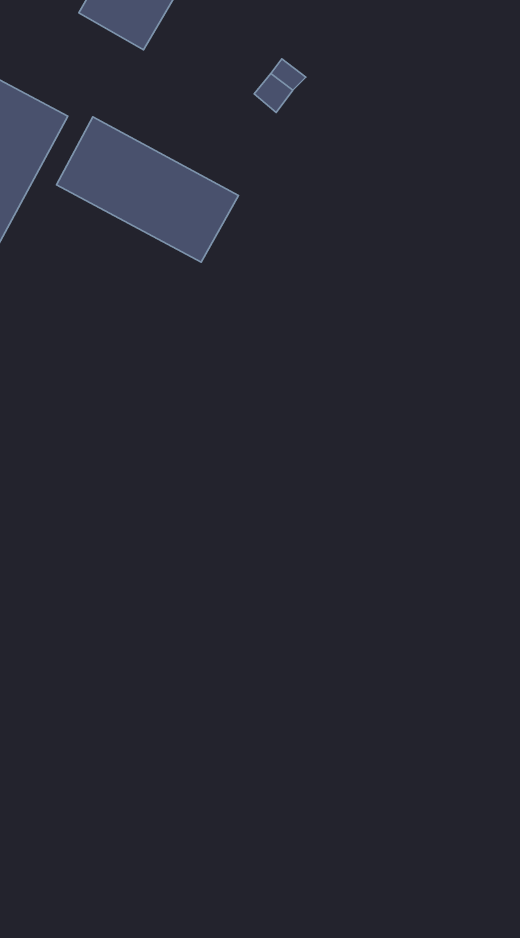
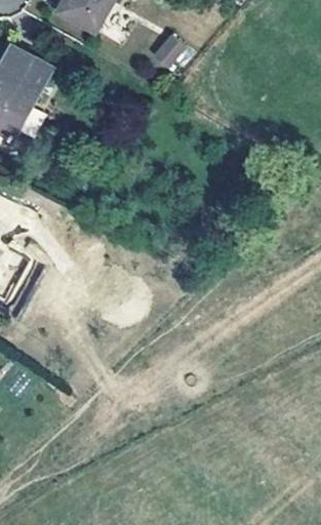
building: [57,117,238,262] -> none

